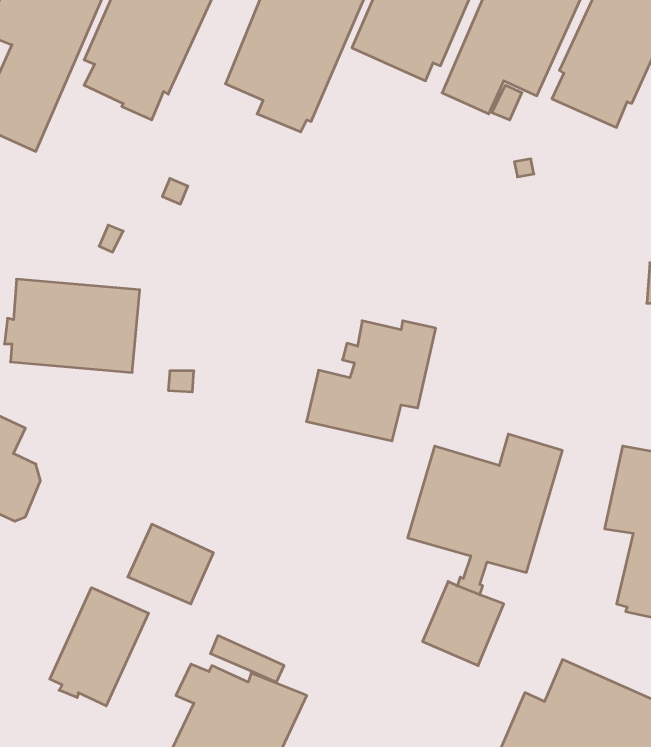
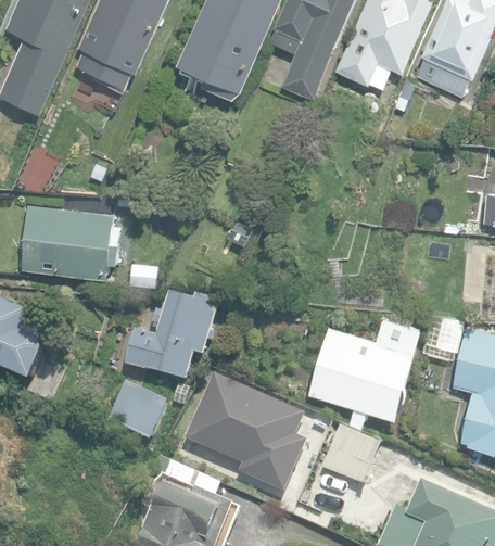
building: [306,321,436,441] -> [125,292,218,379]
building: none -> [180,373,306,498]
building: [50,588,149,706] -> none

